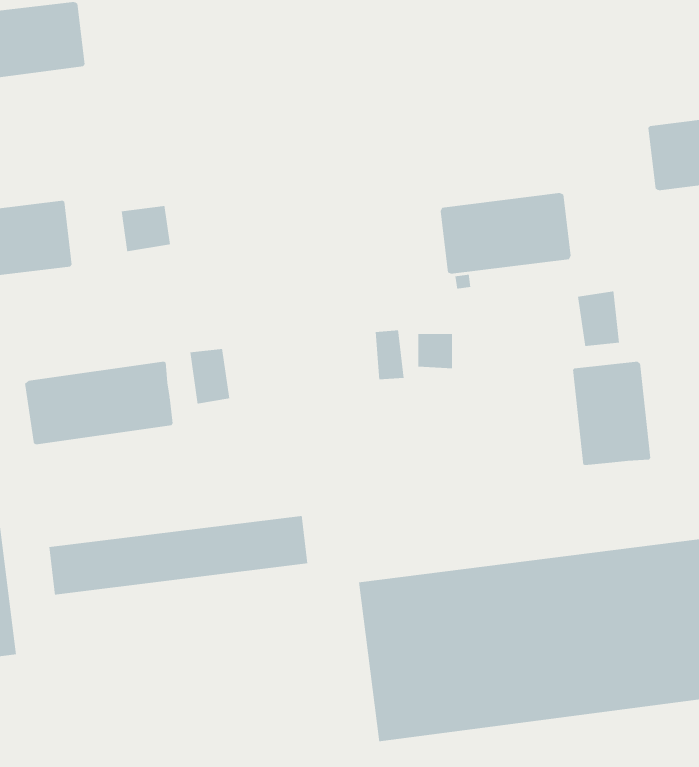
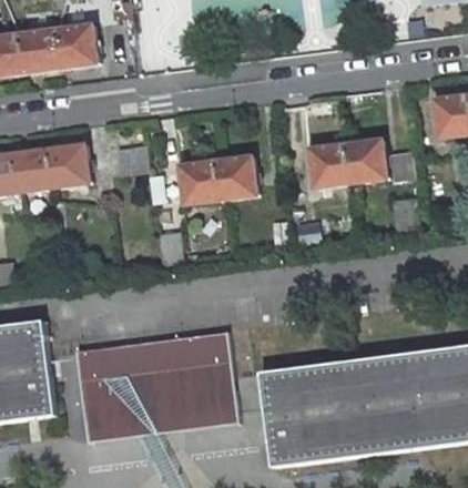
building: none -> [179,156,256,204]
building: [573,361,651,466] -> none
building: [25,361,173,445] -> none
building: none -> [78,360,236,441]

